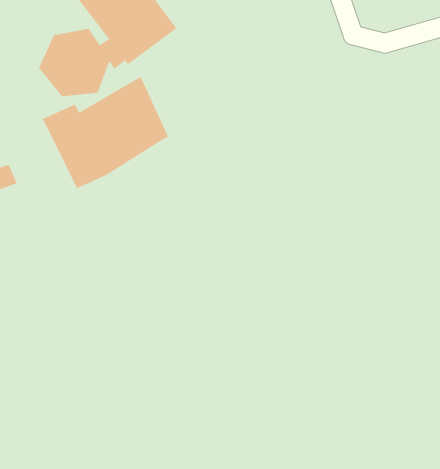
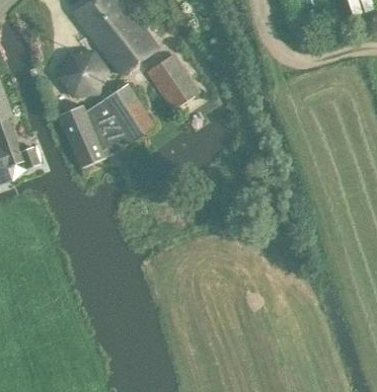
building: none -> [147,53,199,109]

